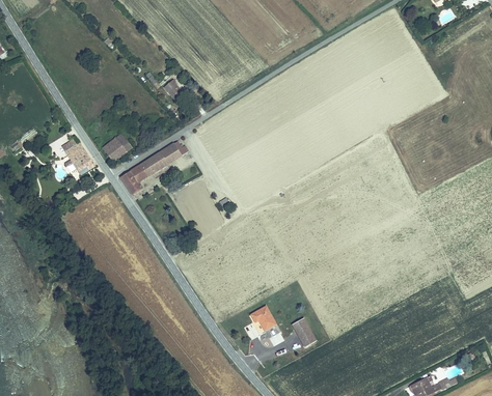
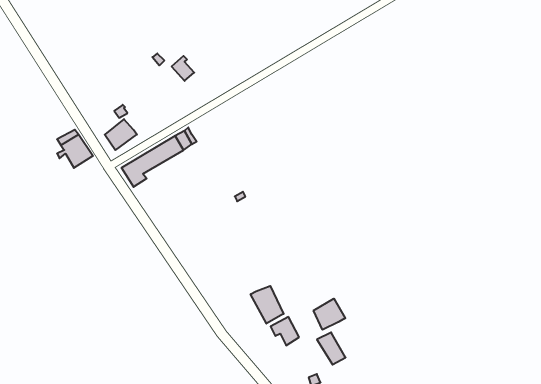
building: none -> [251,286,284,324]
building: none -> [314,299,345,330]

